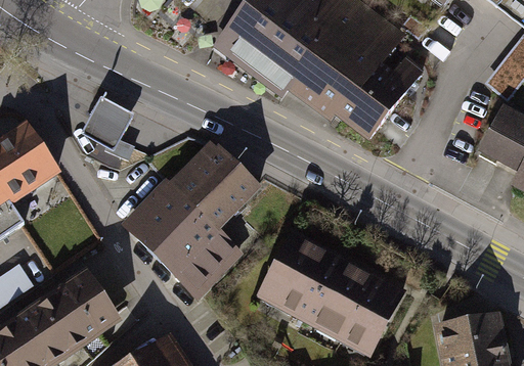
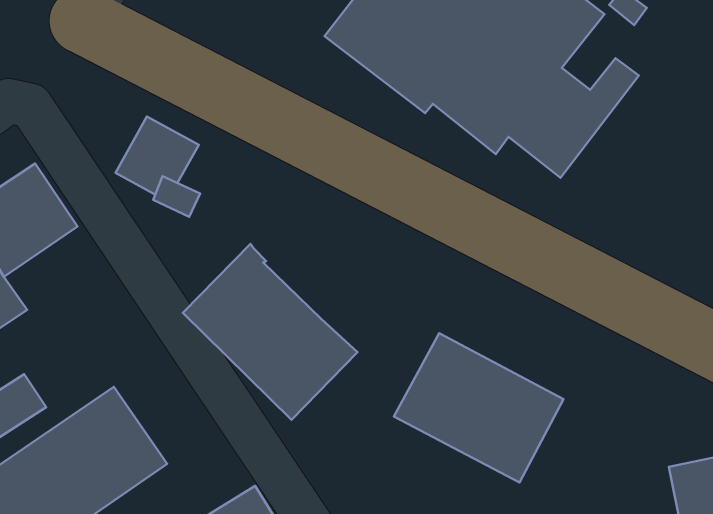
building: [170,143,257,229] -> none
building: [343,281,399,351] -> none

